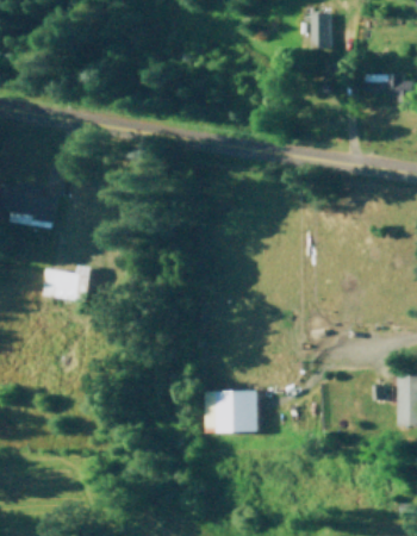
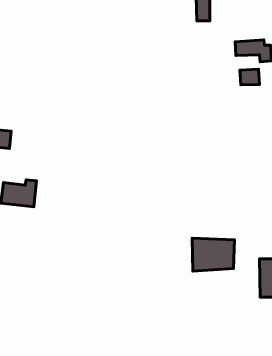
building: none -> [240,69,259,85]
building: [201,389,260,435] -> [192,238,235,271]

